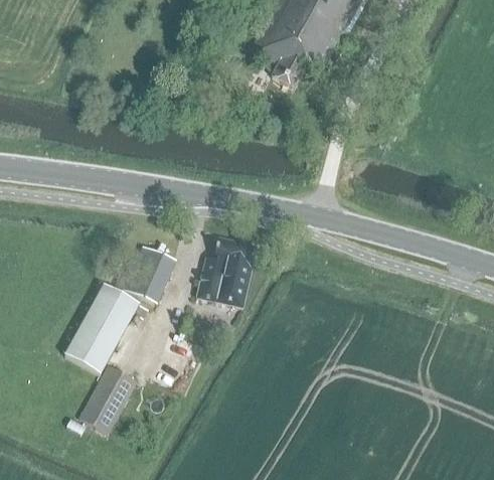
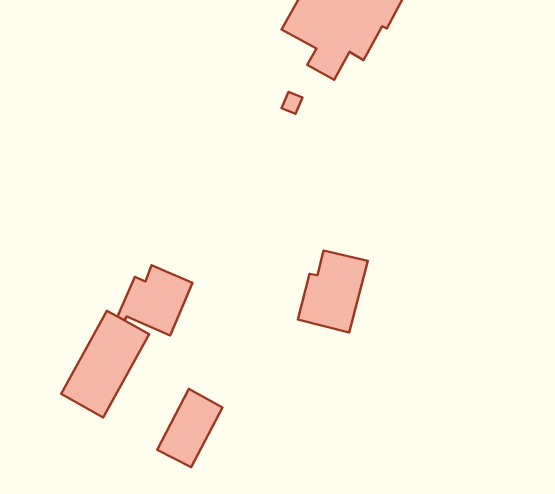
building: [197,236,258,307] -> [298,250,368,332]
building: [80,364,137,432] -> [157,389,223,467]

